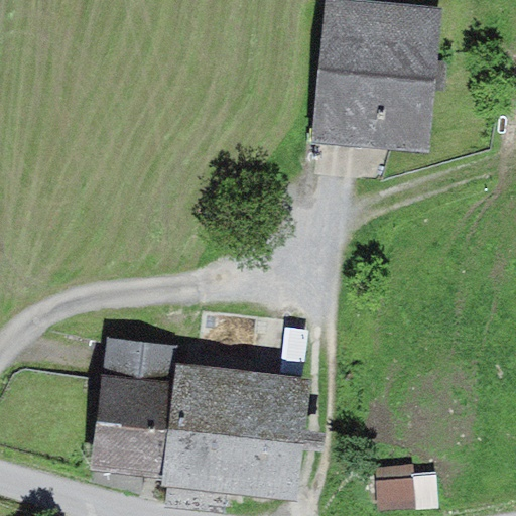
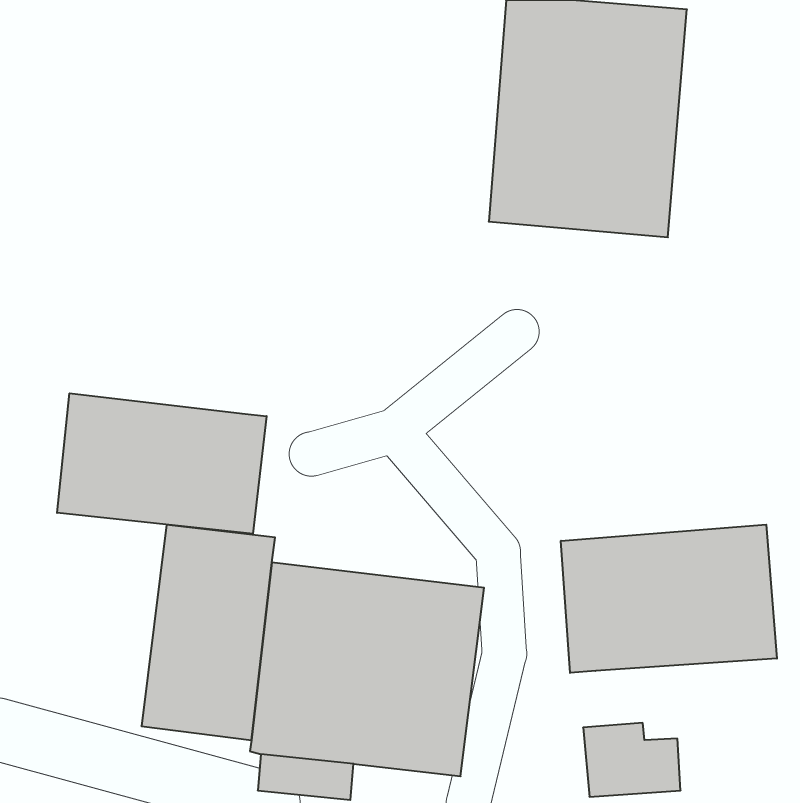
building: none -> [57,393,267,534]
building: none -> [561,525,777,673]

